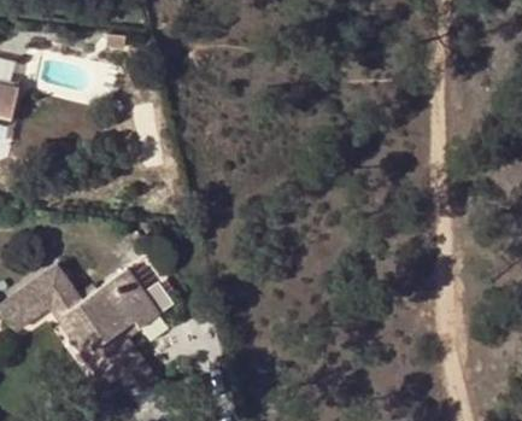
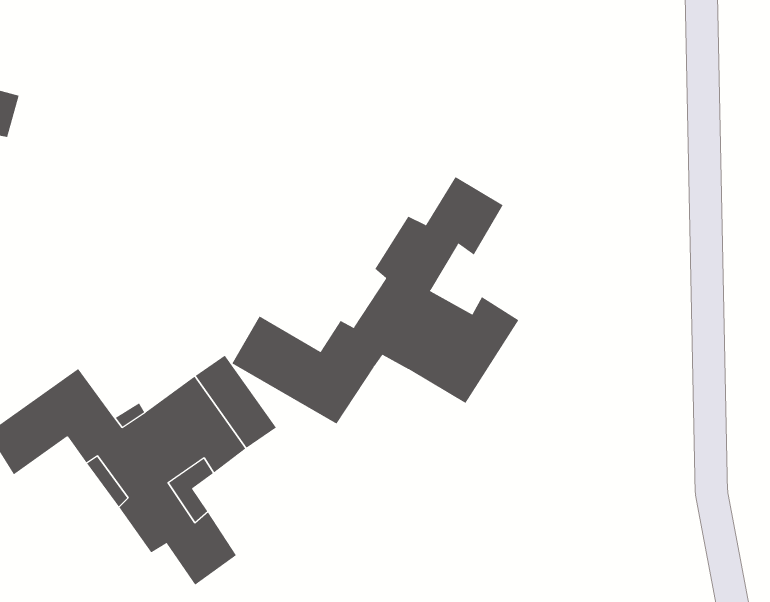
building: none -> [232,176,519,425]

